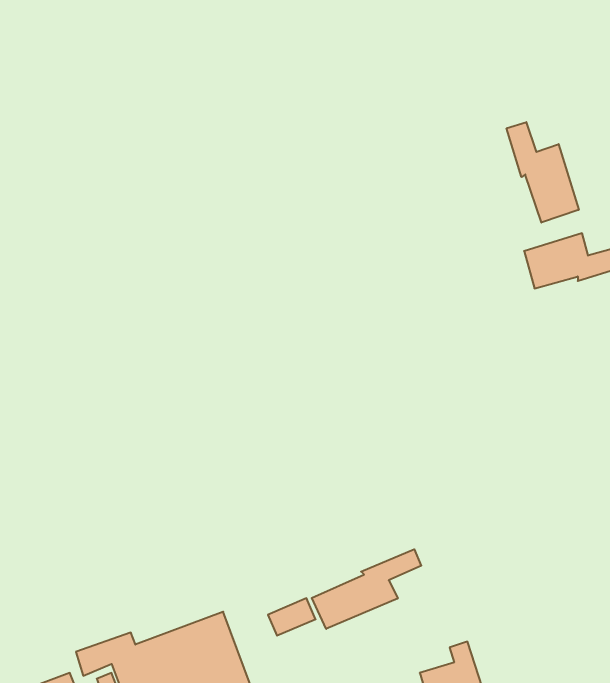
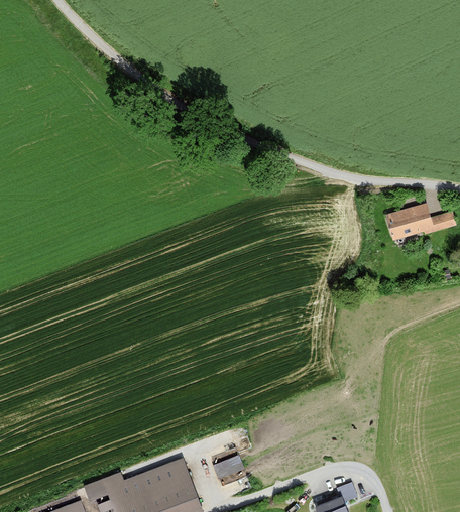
building: [507,122,579,223] -> none
building: [312,549,421,629] -> none

